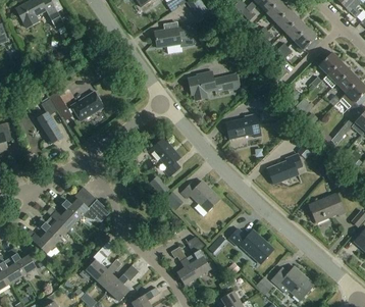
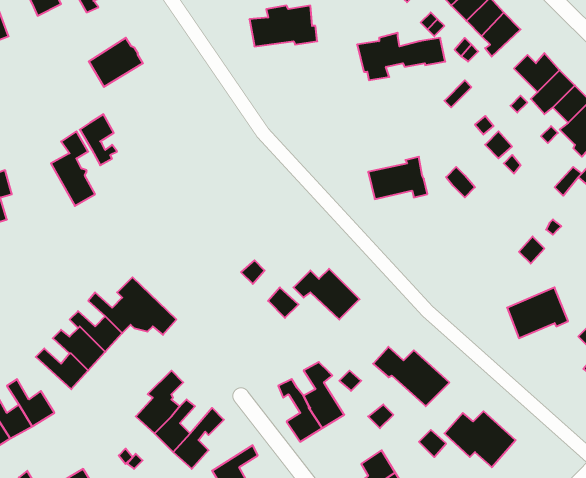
building: [188,70,241,99] -> [357,33,445,80]
building: [71,91,104,120] -> [89,38,143,87]
building: [148,138,180,176] -> none
building: [267,153,306,184] -> none

